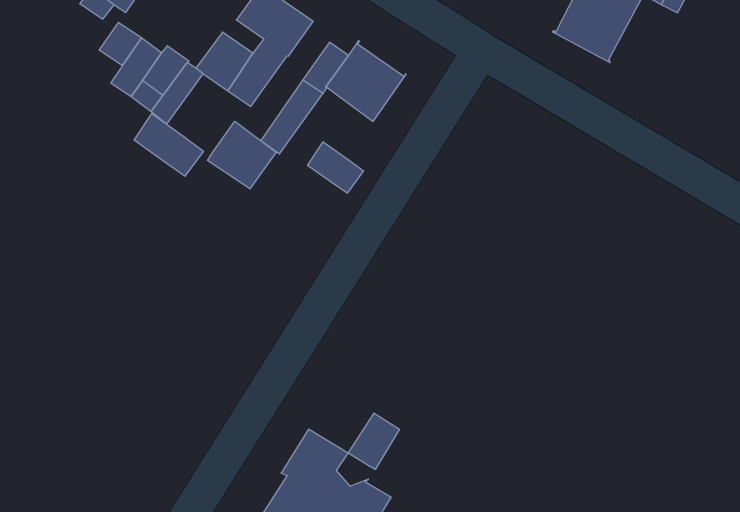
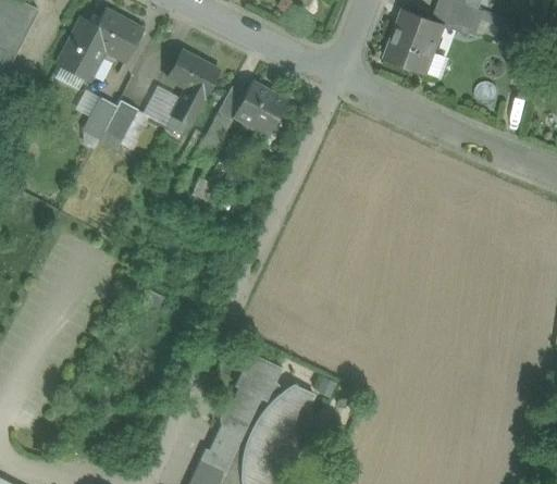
building: [134,114,204,176] -> none
building: [208,121,276,189] -> none
building: [308,142,364,193] -> none
building: [348,413,399,469] -> none

